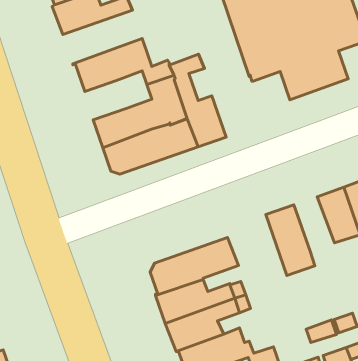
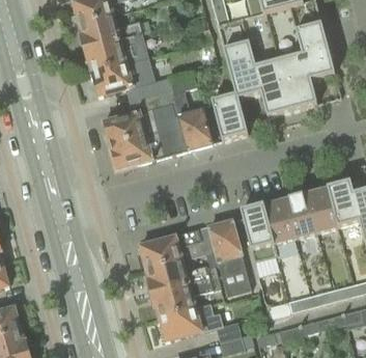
building: none -> [84,33,149,74]
building: none -> [212,94,248,141]
building: none -> [264,199,298,256]
building: none -> [207,220,252,297]

